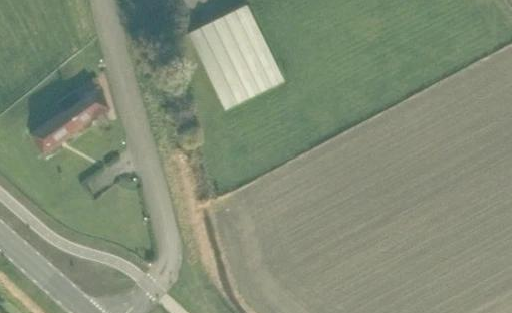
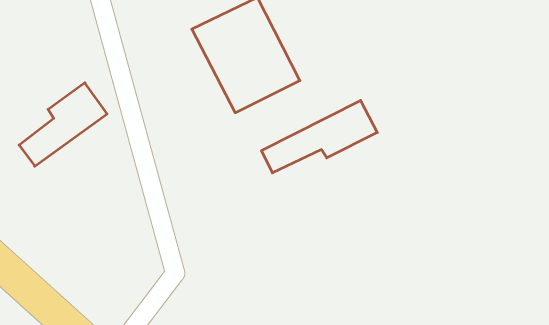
building: none -> [262,100,377,173]

